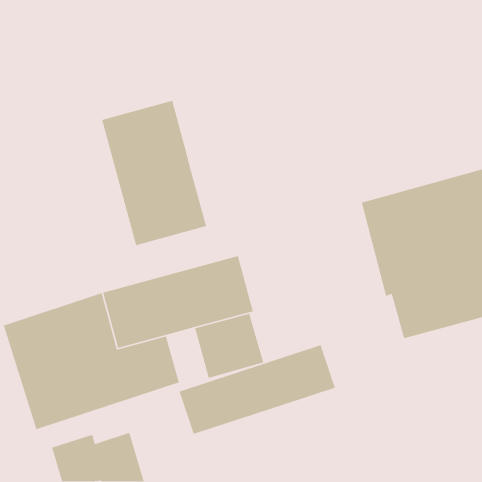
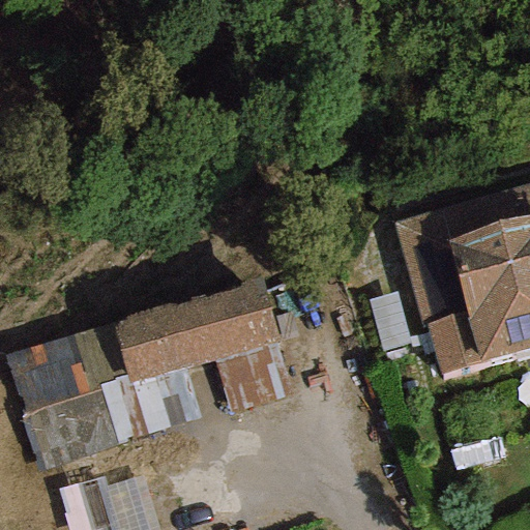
building: [101,100,207,246] -> none
building: [178,344,336,435] -> none

